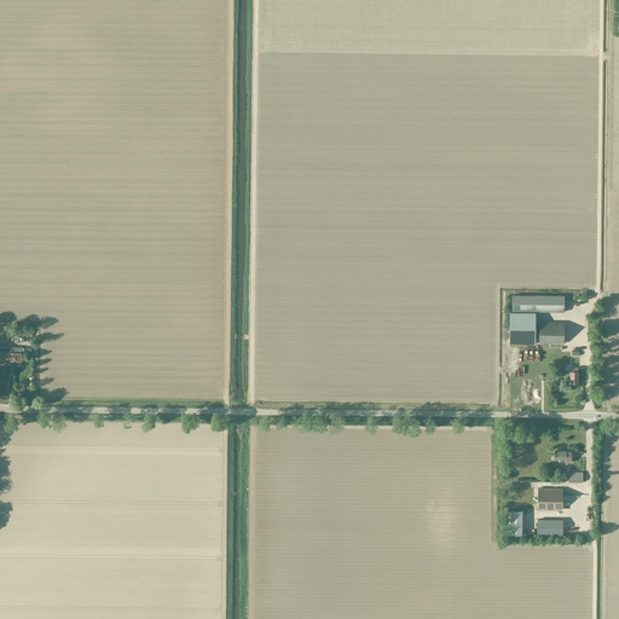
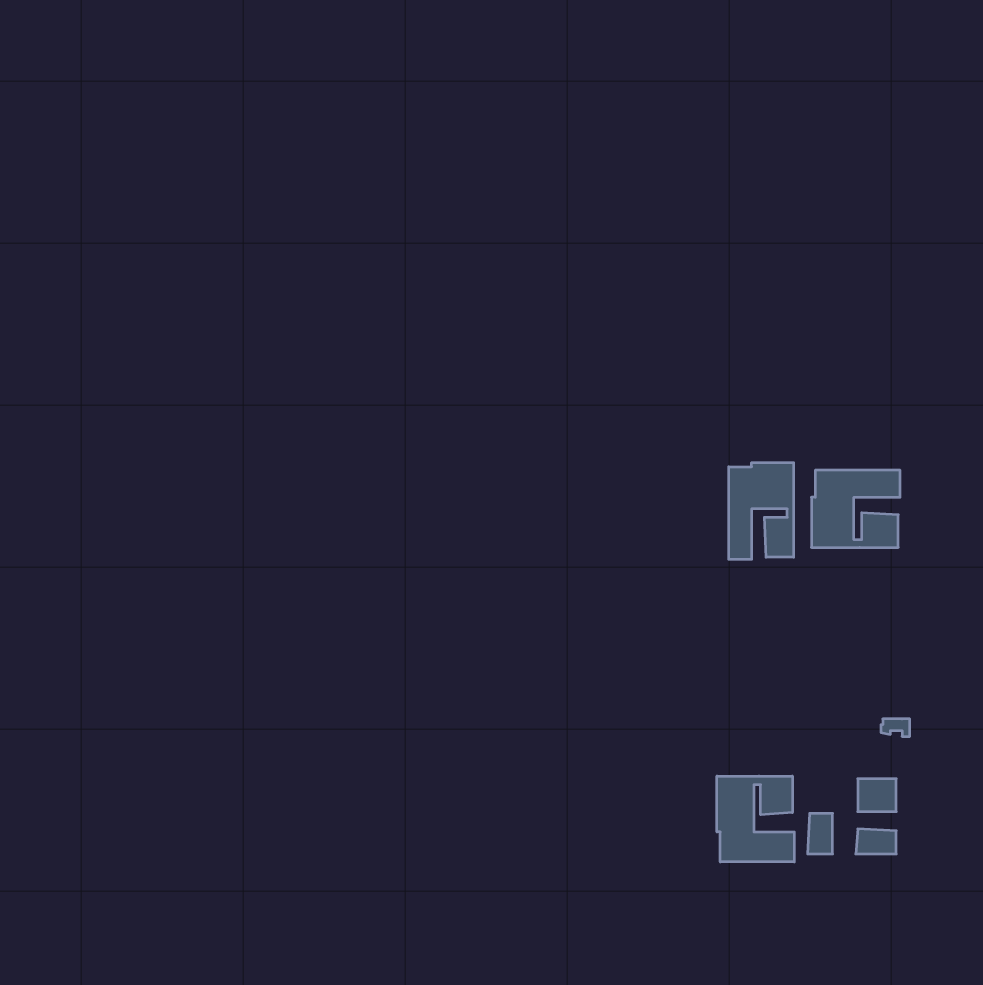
building: none -> [729,463,794,559]
building: none -> [717,776,794,862]

